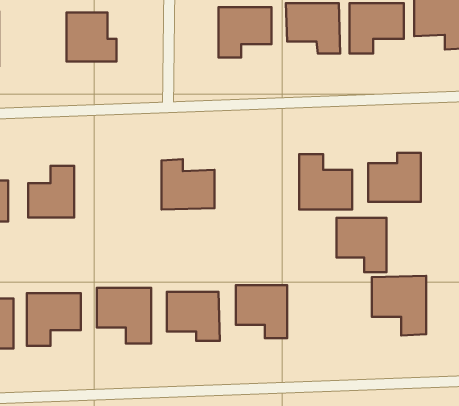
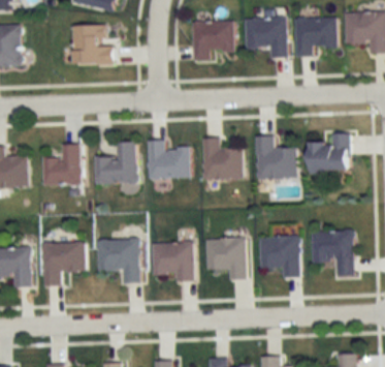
building: none -> [202,137,243,179]
building: none -> [94,142,135,184]
building: [336,218,387,272] -> [260,236,299,278]

